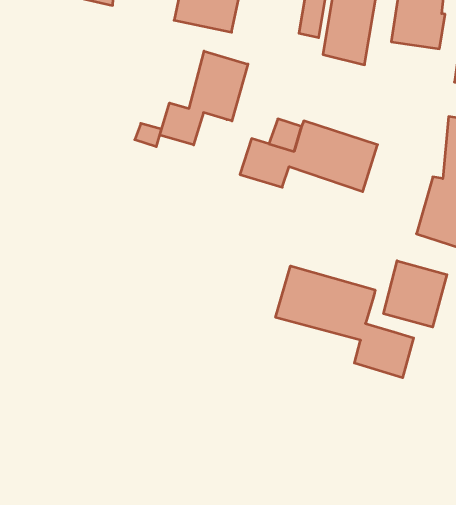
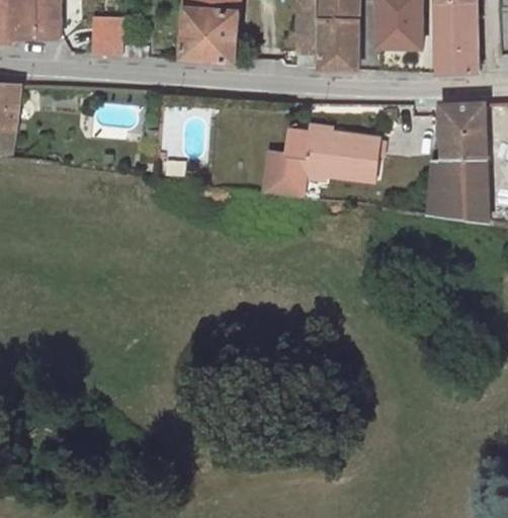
building: [160,51,248,145] -> none
building: [384,261,447,327] -> none
building: [276,266,414,378] -> none

